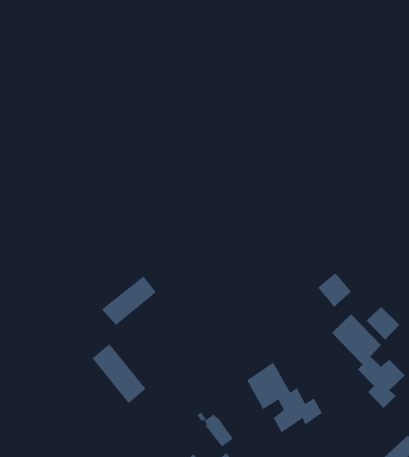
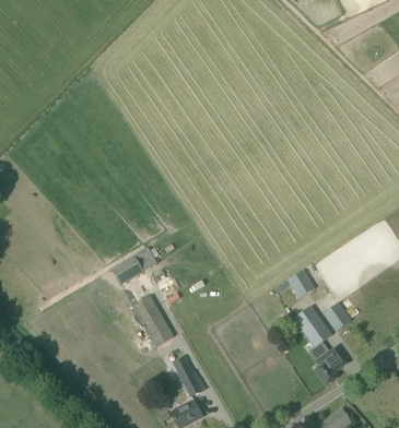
building: [92,343,146,404] -> [133,296,174,347]
building: [246,361,323,434] -> none

